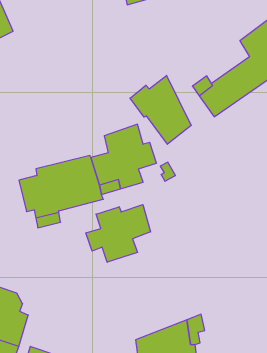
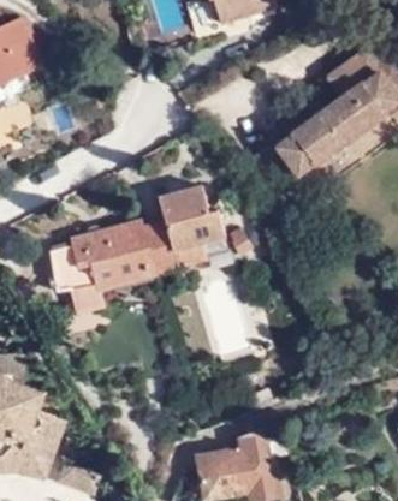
building: [130,75,191,144] -> none
building: [86,205,151,262] -> none

